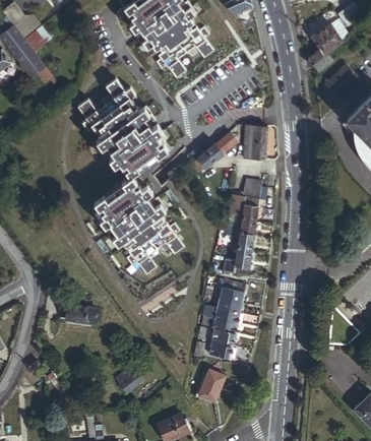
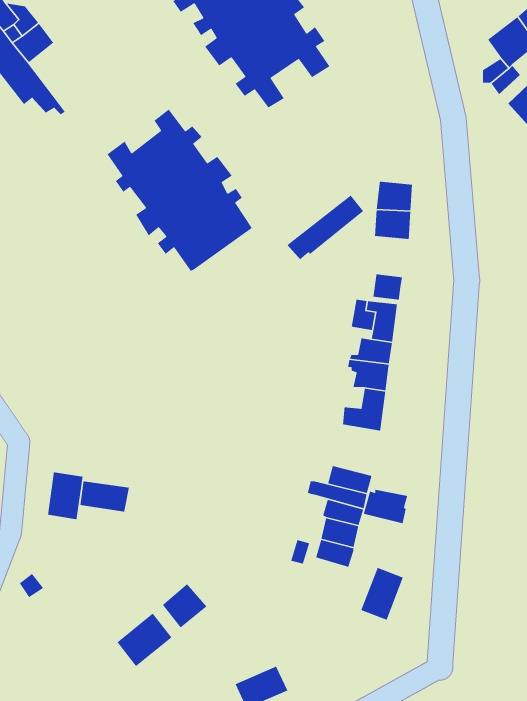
building: [99,178,185,274] -> none
building: [219,280,246,302] -> [363,489,408,524]
building: none -> [47,471,83,520]
building: [198,369,225,401] -> [360,567,404,621]
building: none -> [116,612,172,667]

